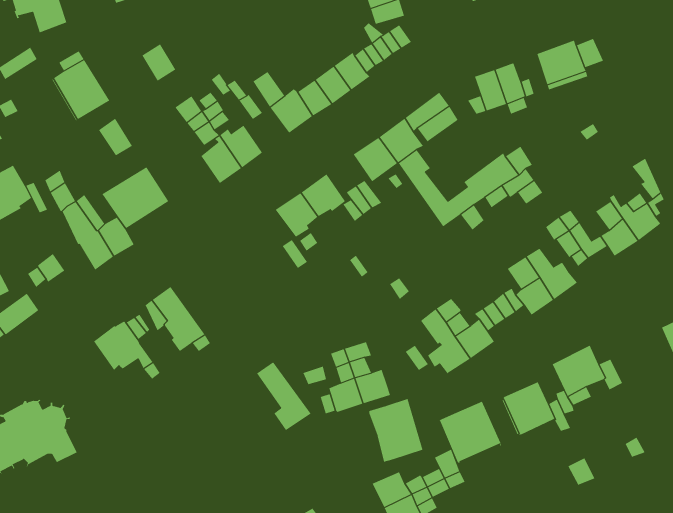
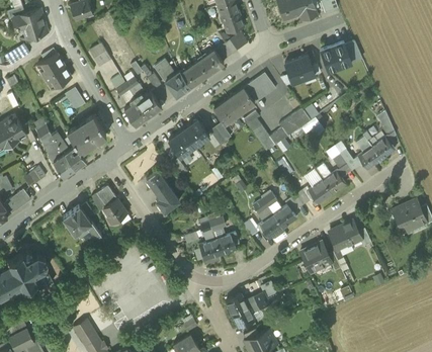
building: [256,361,312,431] -> [147,172,179,212]
building: [369,398,423,463] -> none
building: [438,401,501,465] -> none

